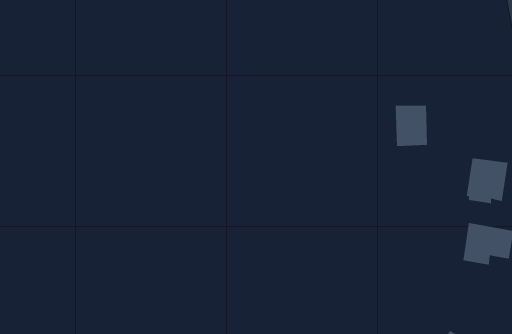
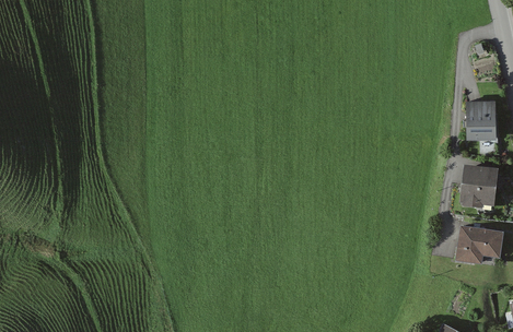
building: [395,105,428,146] -> [466,104,497,142]

